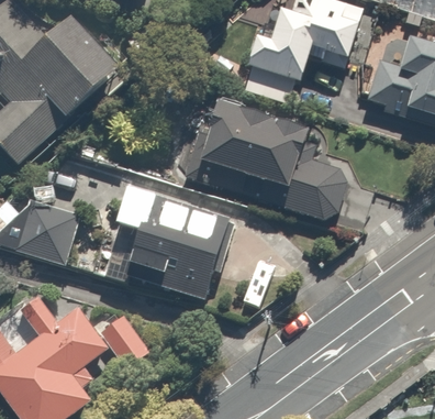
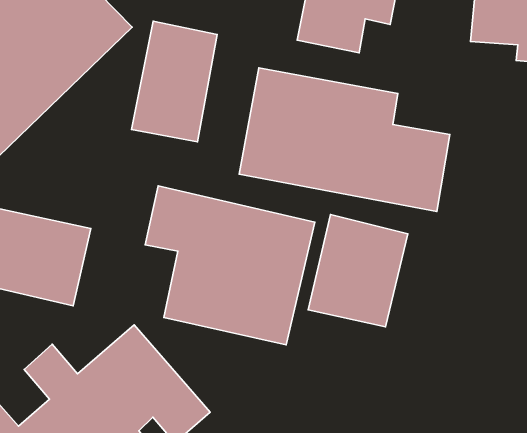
building: none -> [132,21,217,142]
building: none -> [308,214,408,327]

